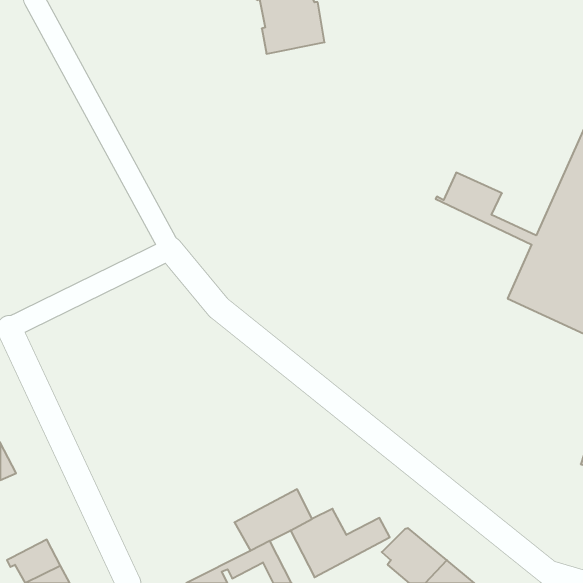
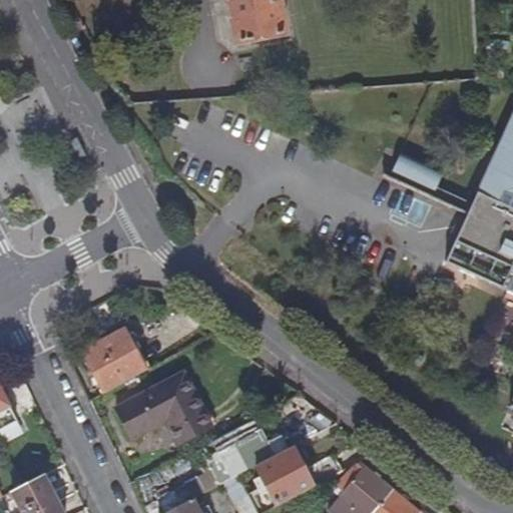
building: none -> [83,327,147,393]
building: none -> [117,375,208,445]

